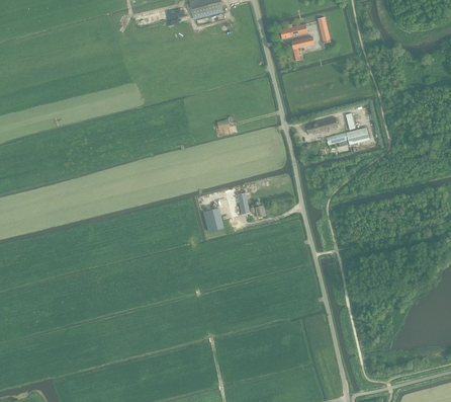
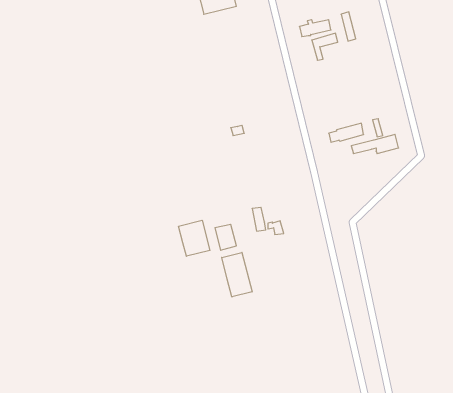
building: none -> [179,220,210,256]
building: none -> [222,252,252,297]

